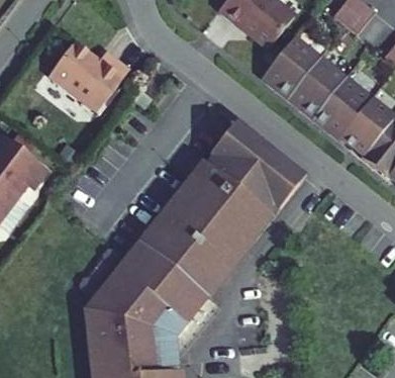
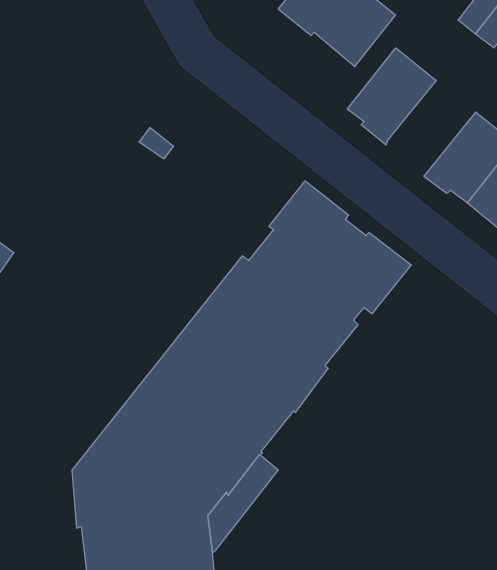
building: [48,41,129,112] -> none
building: [289,57,345,118] -> none

